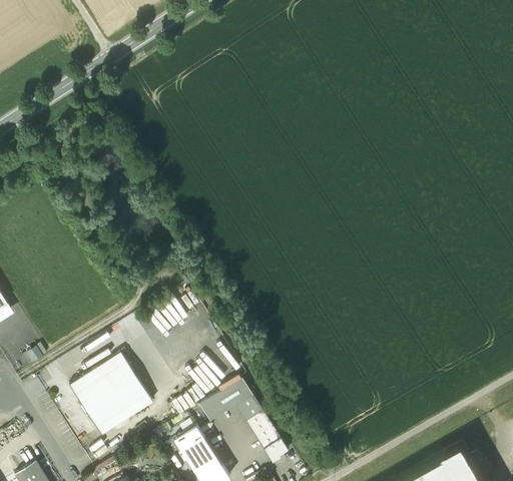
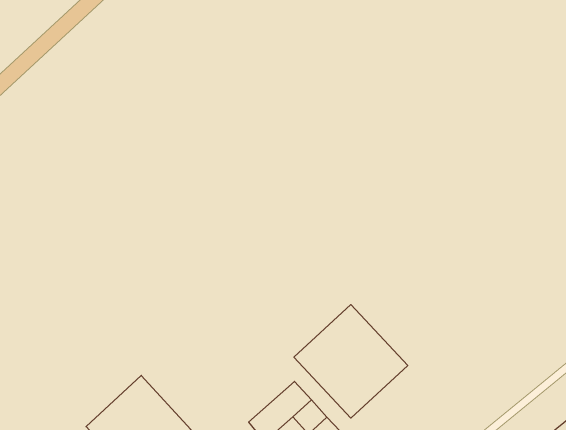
building: none -> [294,305,408,418]

